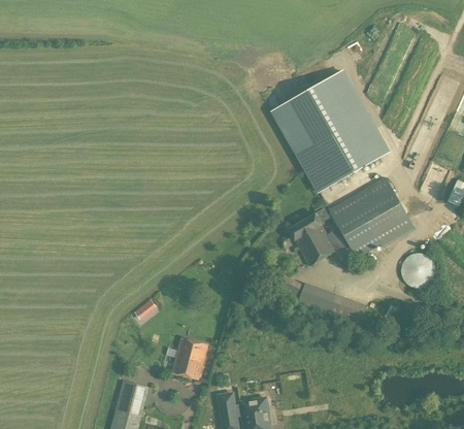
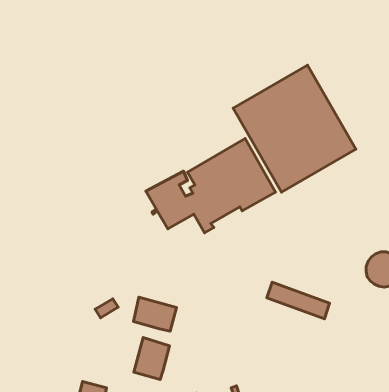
building: [287,176,415,269] -> [146,139,276,233]
building: none -> [134,297,176,331]

